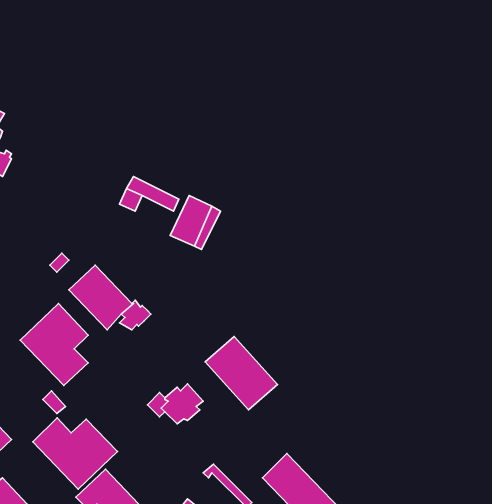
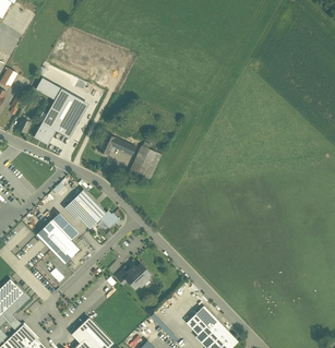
building: none -> [34,79,91,145]
building: [205,336,278,410] -> none
building: [33,418,117,489] -> none

